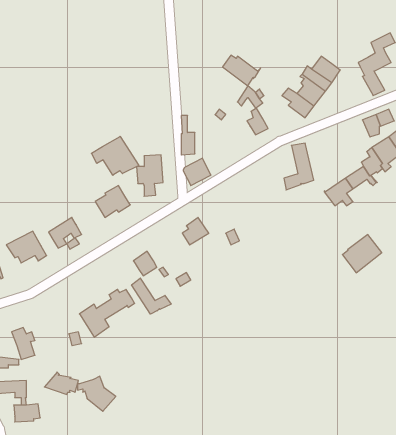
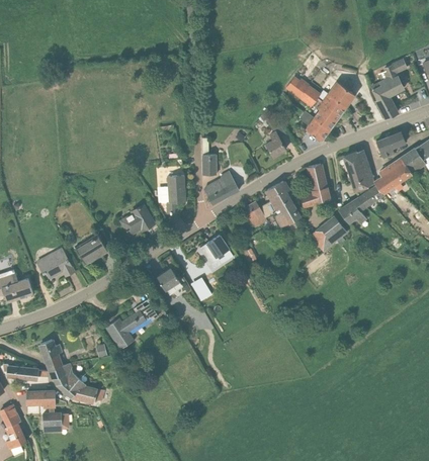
building: [223,55,261,86] -> [286,78,323,107]
building: none -> [344,152,373,190]
building: [91,136,139,175] -> none
building: none -> [244,180,301,227]
building: [342,235,382,273] -> [310,215,347,252]
building: [132,278,171,314] -> none
building: [78,376,116,411] -> [48,363,84,396]

